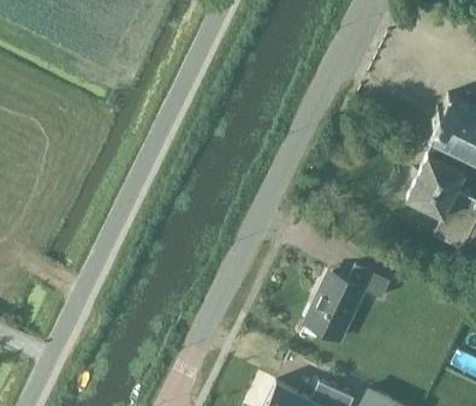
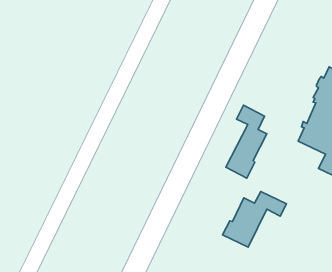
building: none -> [226,105,267,178]

